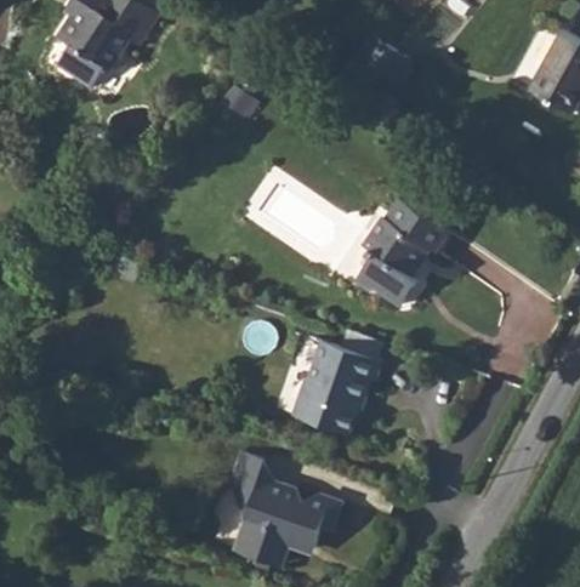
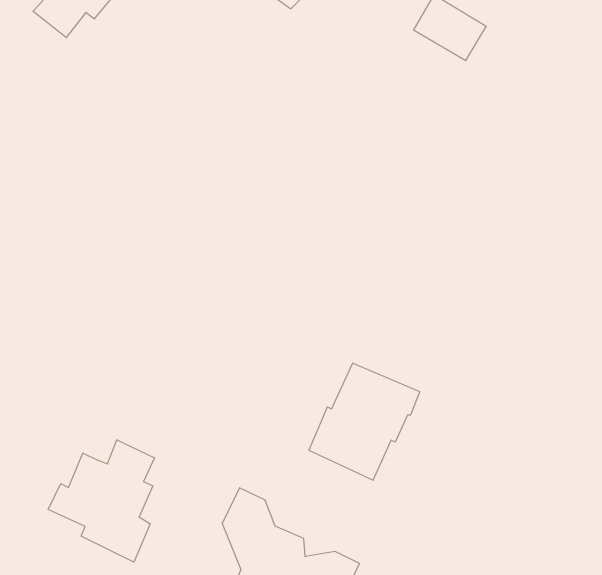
building: [351,199,449,308] -> none
building: none -> [48,440,155,562]

